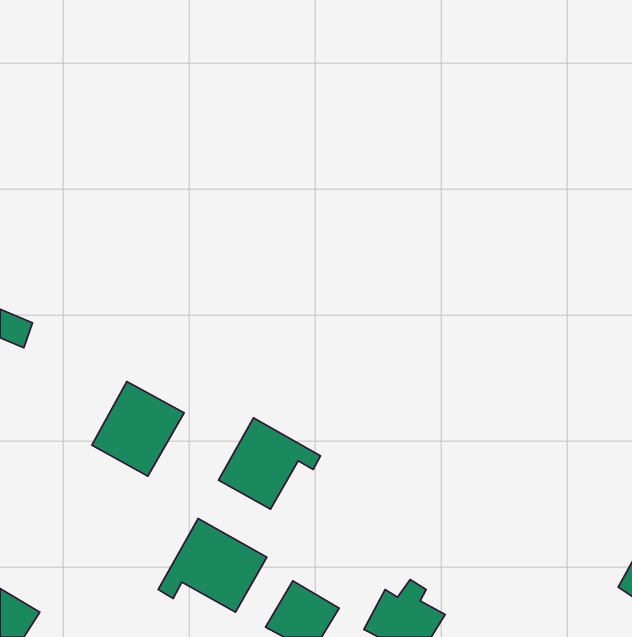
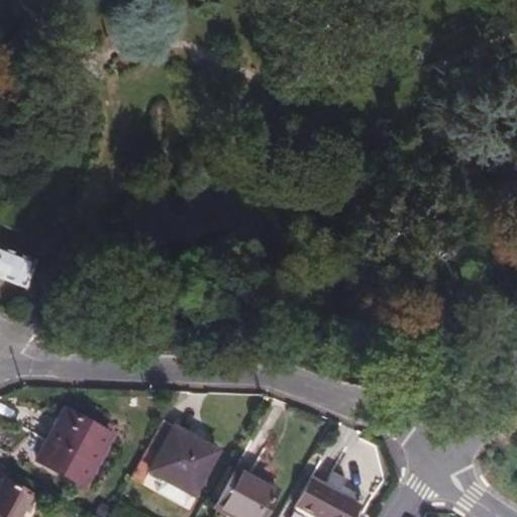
building: [92,382,184,476] -> [40,409,115,486]
building: [218,418,321,509] -> none

